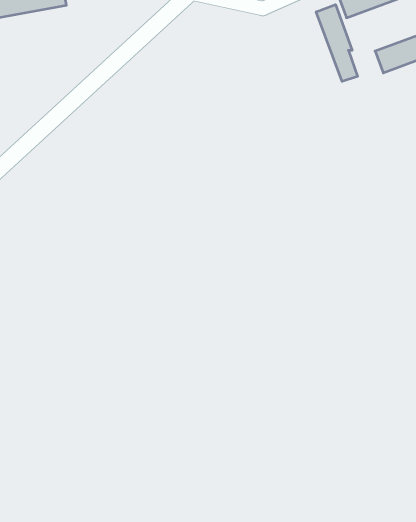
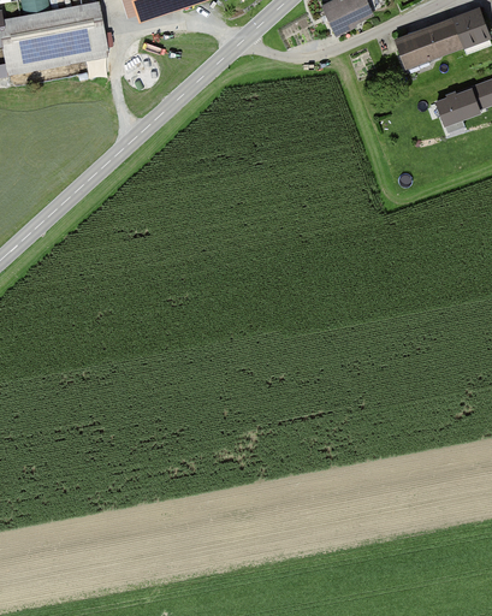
building: [316,5,358,81] -> none

